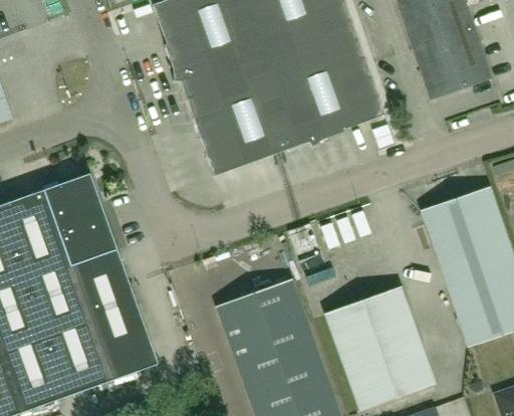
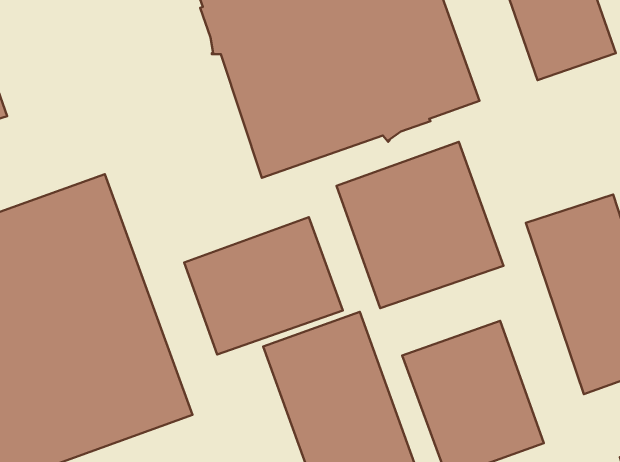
building: none -> [336,142,503,308]
building: none -> [184,217,343,355]

